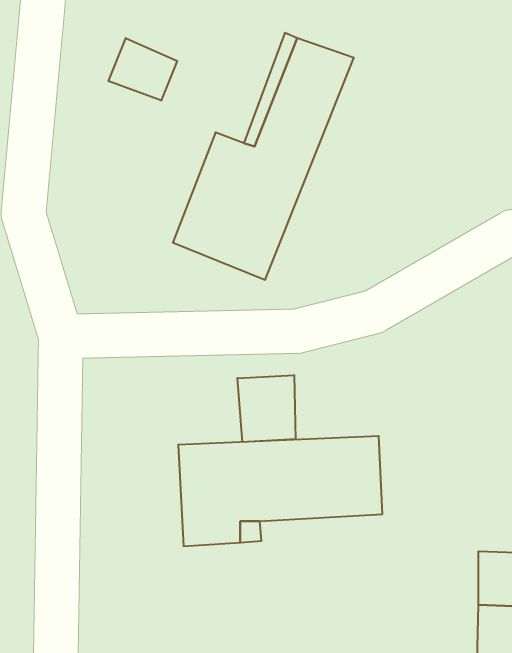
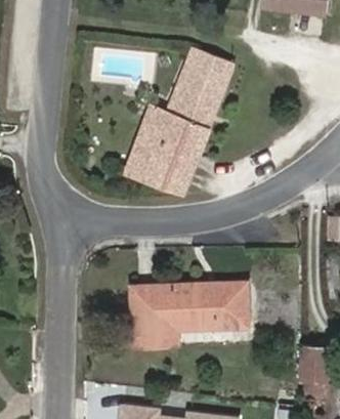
building: [109,38,177,101] -> none
building: [237,375,295,442] -> none

